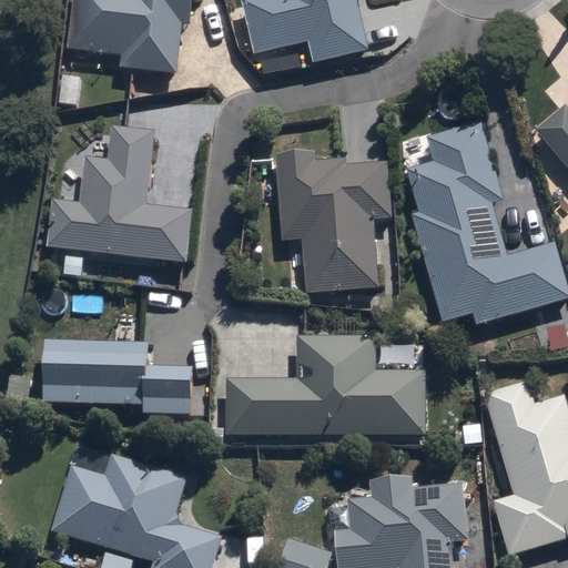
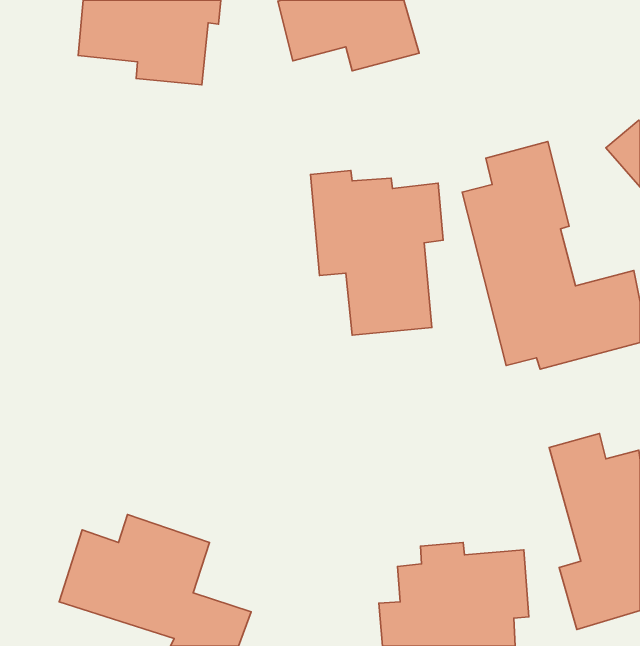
building: [49,123,191,262] -> none
building: [223,337,424,432] -> none
building: [43,339,191,415] -> none

